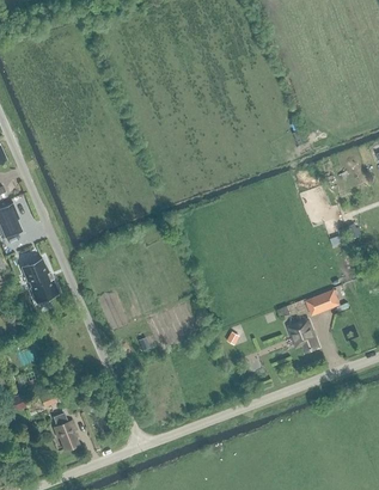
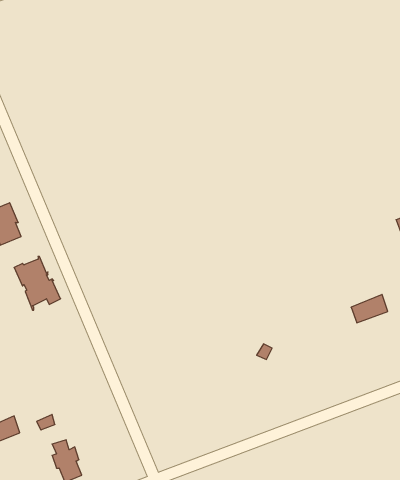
building: [288,319,318,351] -> none

